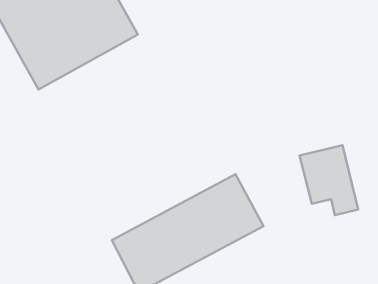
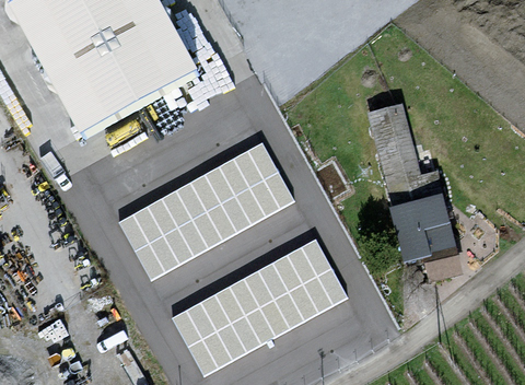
building: none -> [369,110,442,214]
building: none -> [117,142,296,277]

